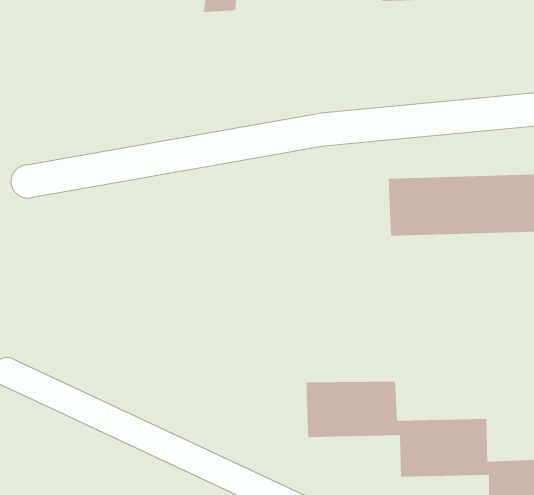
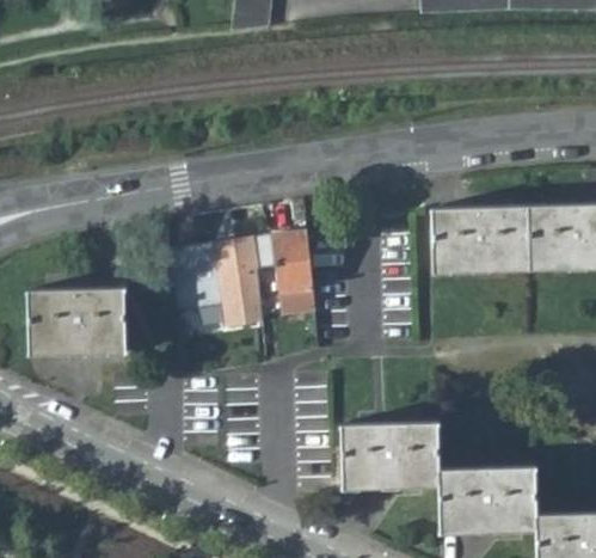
building: none -> [170,231,318,330]
building: none -> [27,294,123,355]

